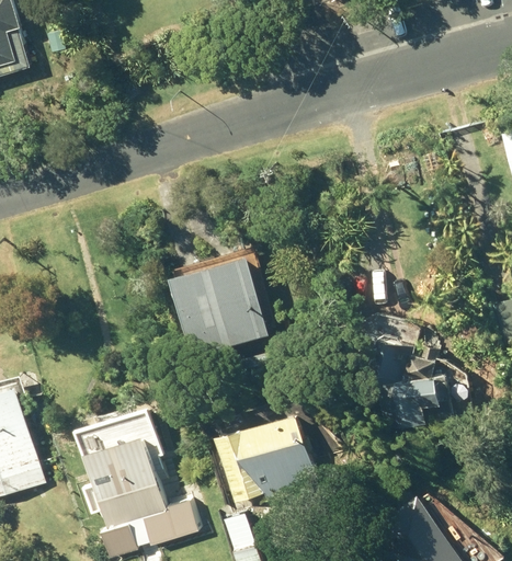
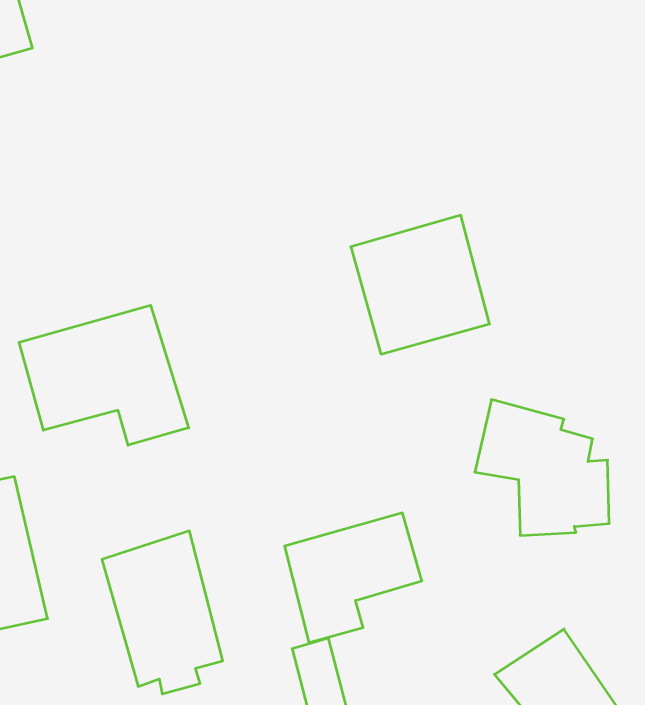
building: [172,254,273,355] -> [351,215,490,354]
building: none -> [19,305,189,445]

